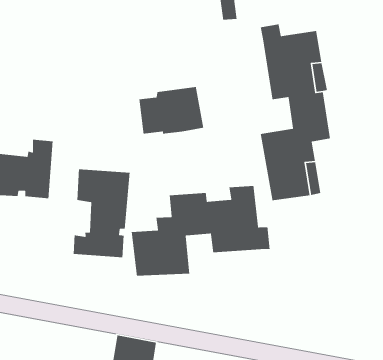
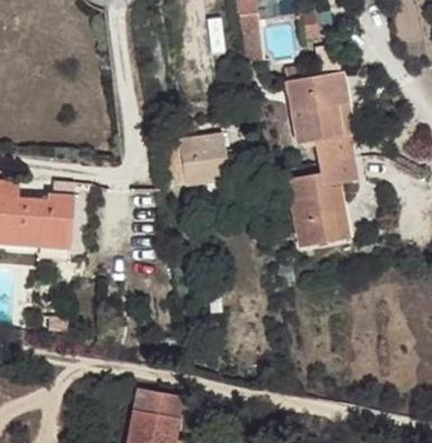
building: [73,168,130,258] -> none
building: [131,185,271,277] -> none

